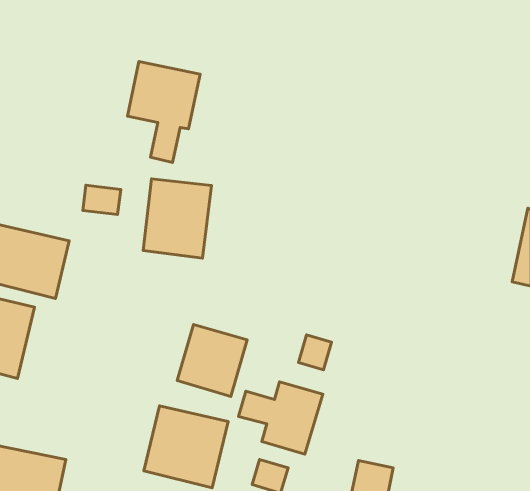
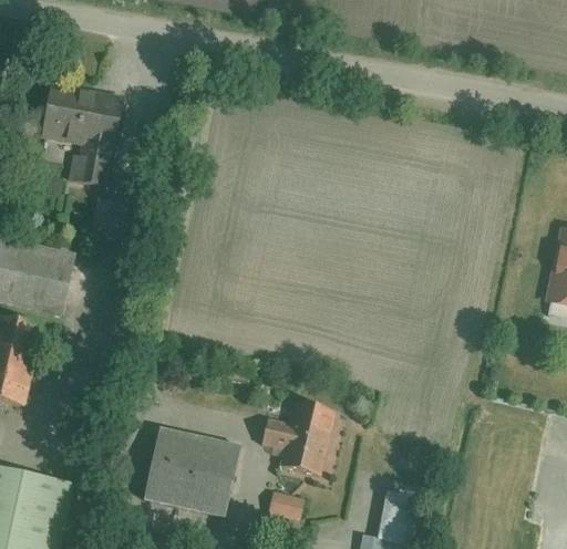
building: [127,61,200,162] -> [45,80,122,186]
building: [143,179,211,258] -> none
building: [177,325,247,396] -> none
building: [298,335,332,370] -> none

